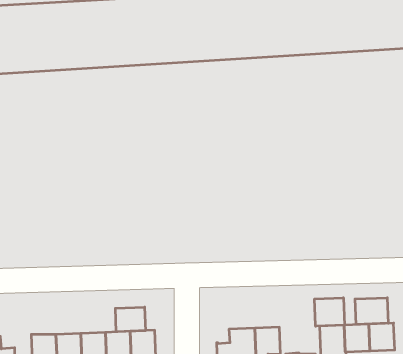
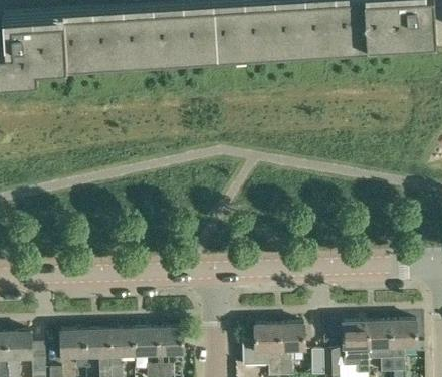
building: [315,298,344,326] -> none
building: [355,298,388,324] -> none
building: [115,307,145,332] -> none

